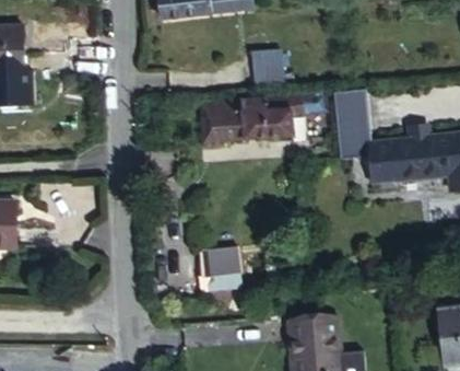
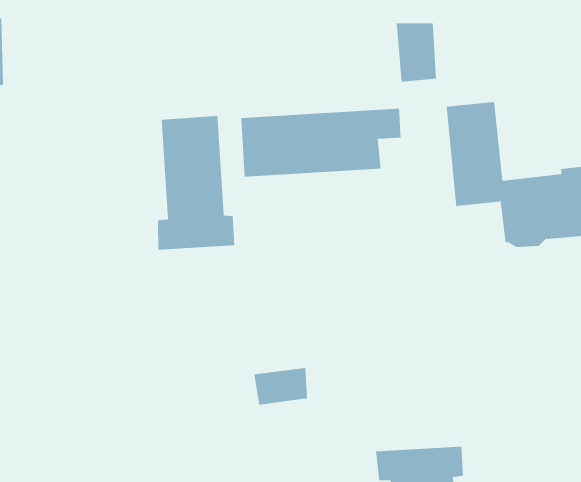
building: [258,48,285,88] -> [396,23,437,82]
building: none -> [157,115,235,251]

